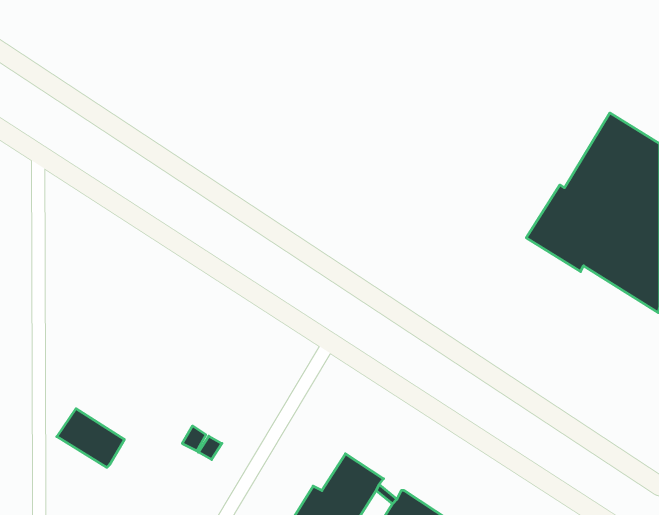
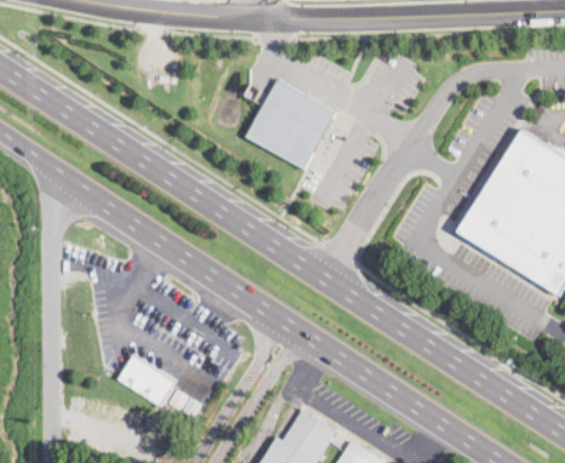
building: none -> [247,79,337,167]
building: [57,409,124,467] -> [118,356,173,405]

